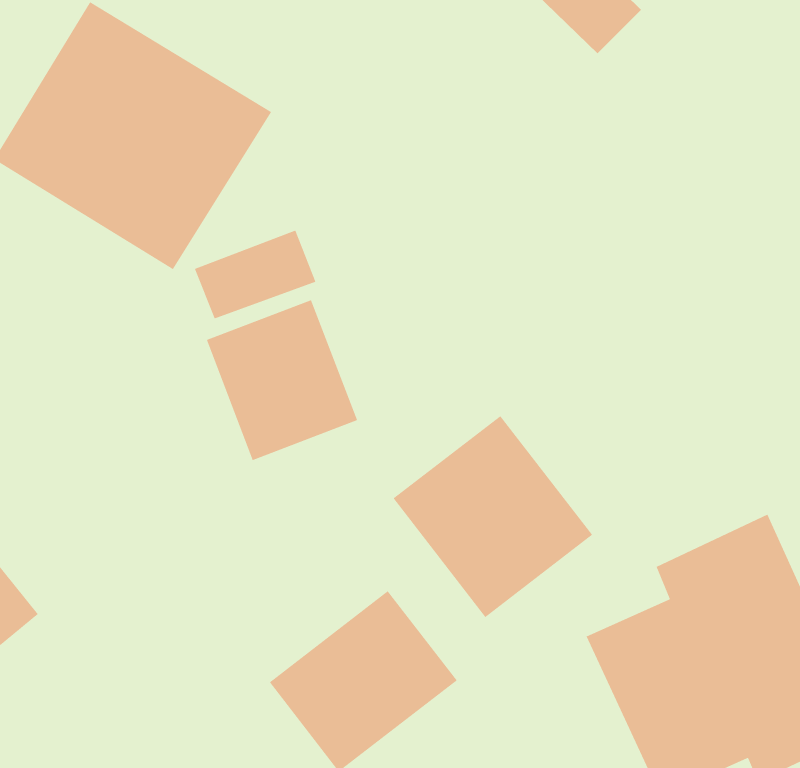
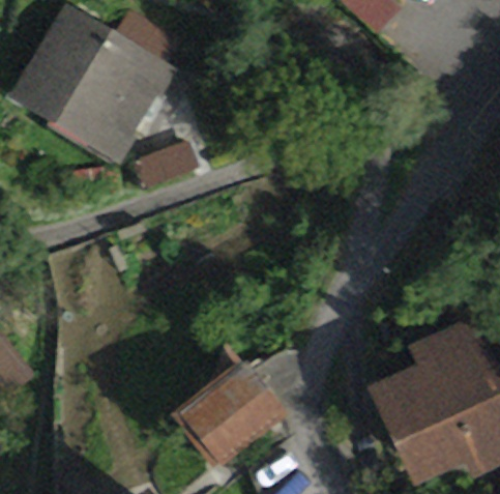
building: [206,299,358,461] -> none
building: [392,415,593,618] -> none

